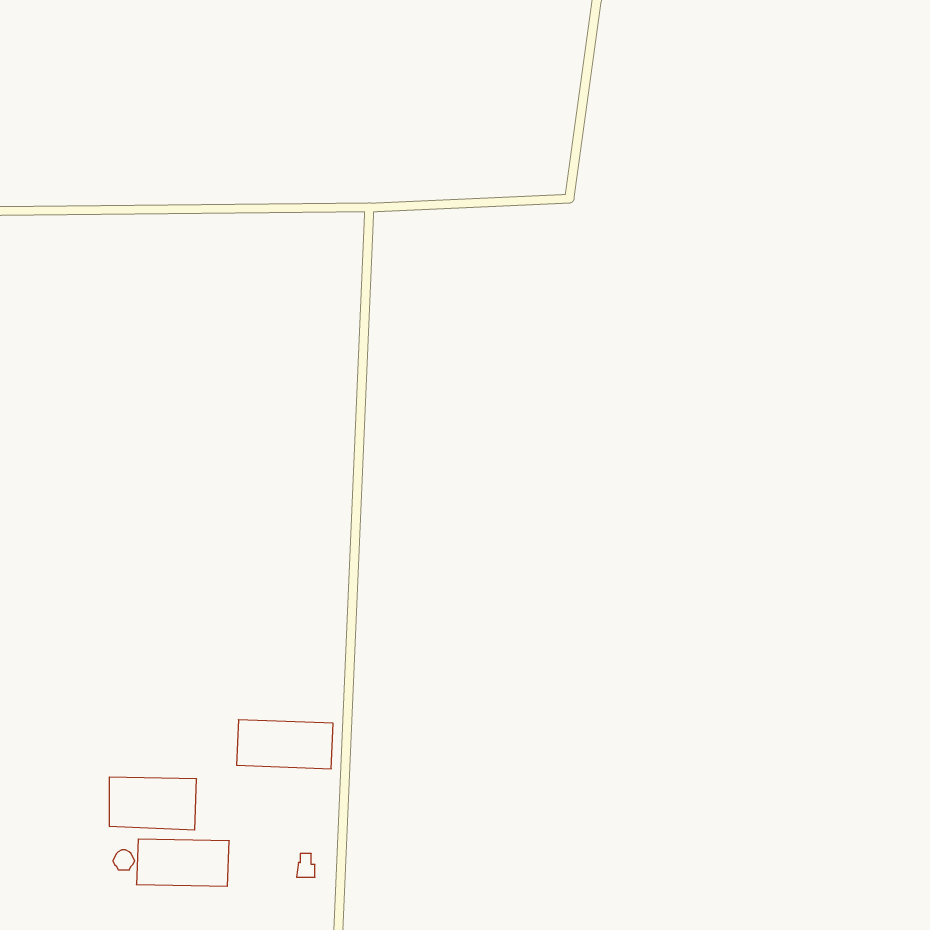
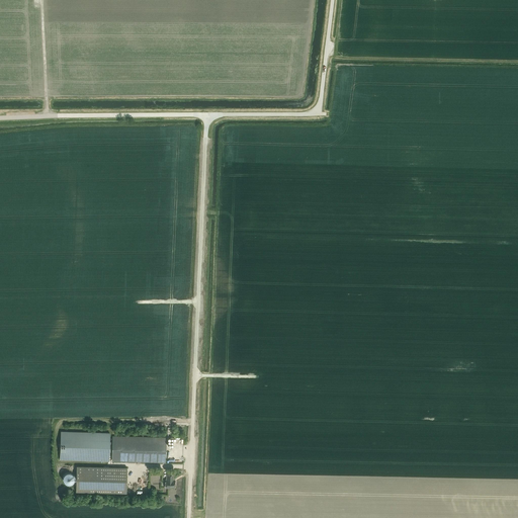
building: [237,720,333,769] -> [112,436,166,463]

